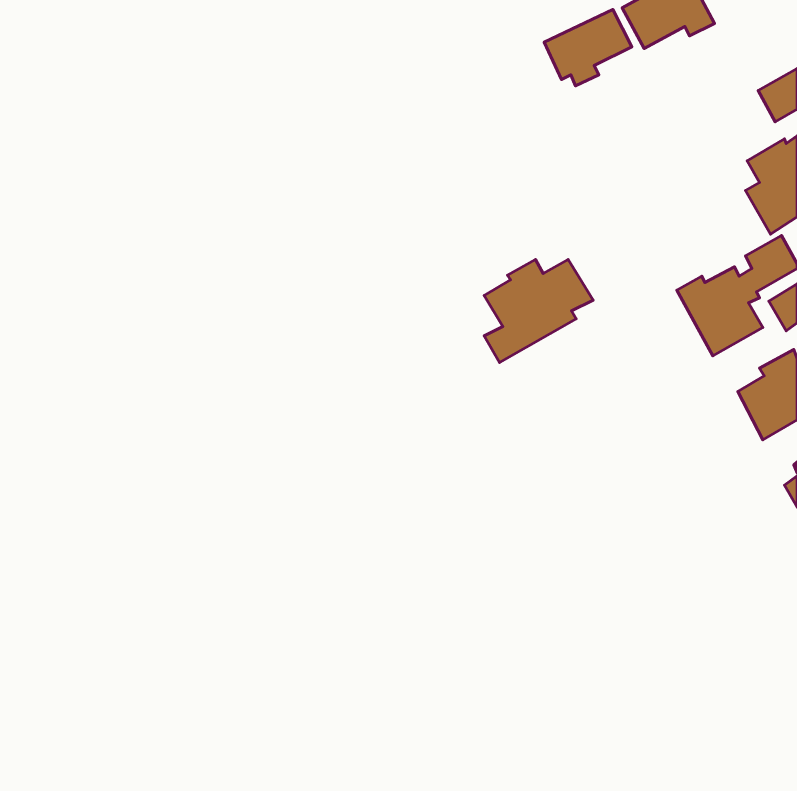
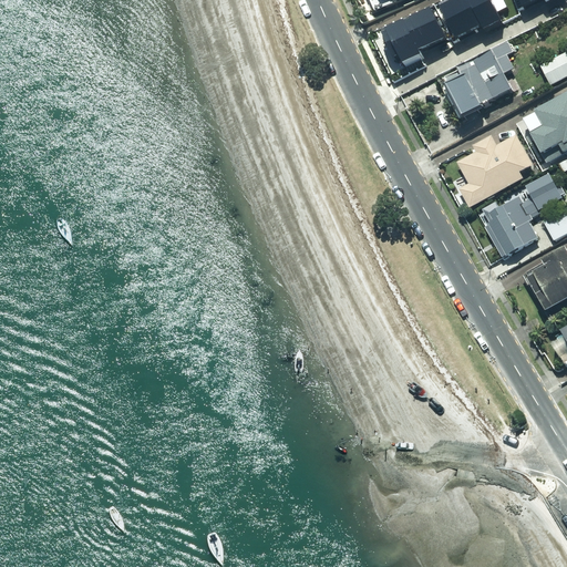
building: none -> [447,42,519,120]
building: [484,259,593,362] -> [456,135,534,208]

